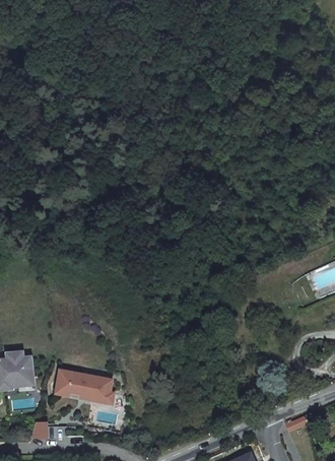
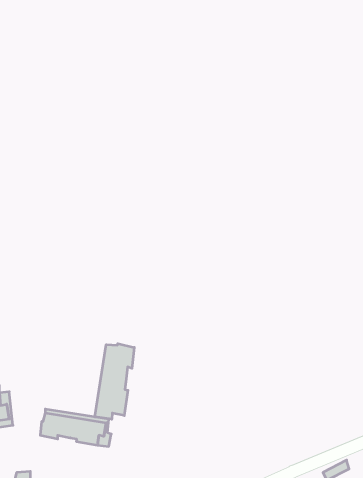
building: none -> [95,344,134,419]

